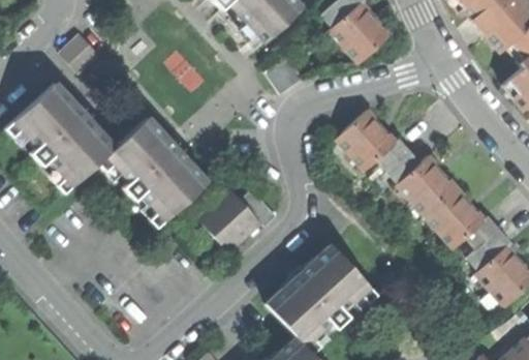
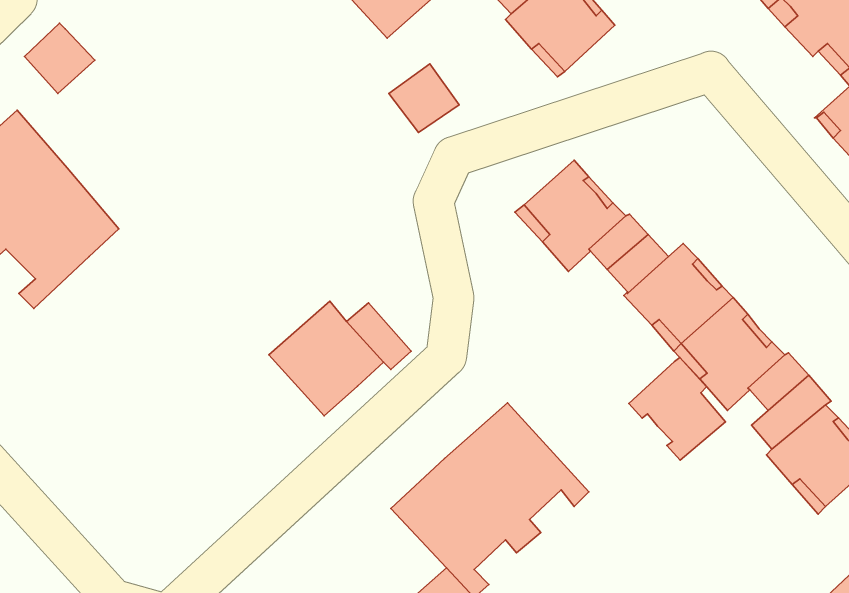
building: [97,117,207,227] -> none
building: none -> [629,357,726,460]

